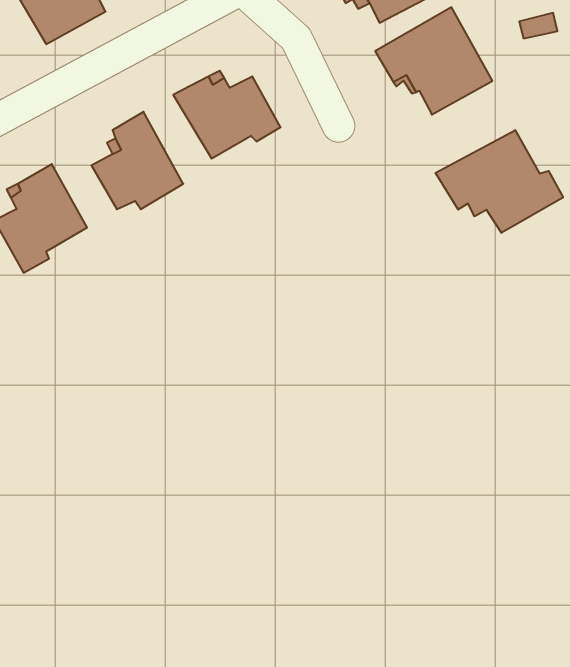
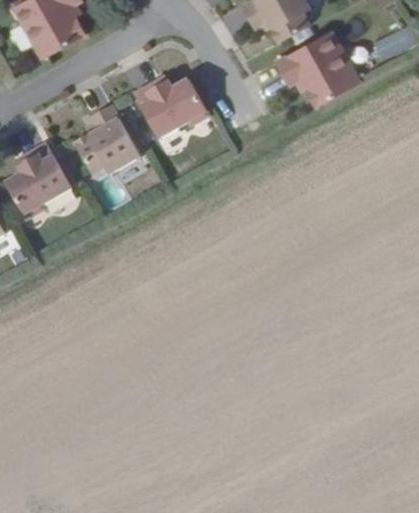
building: [436,130,563,233] -> none

